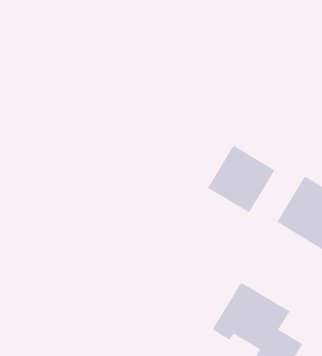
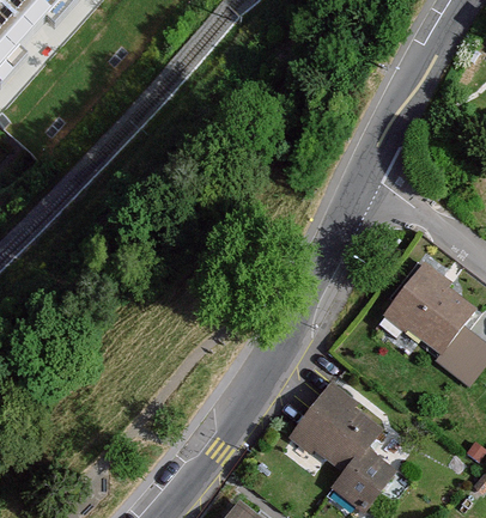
building: [207,145,275,213] -> none

